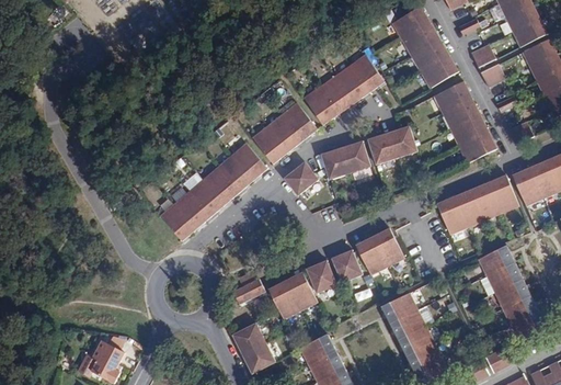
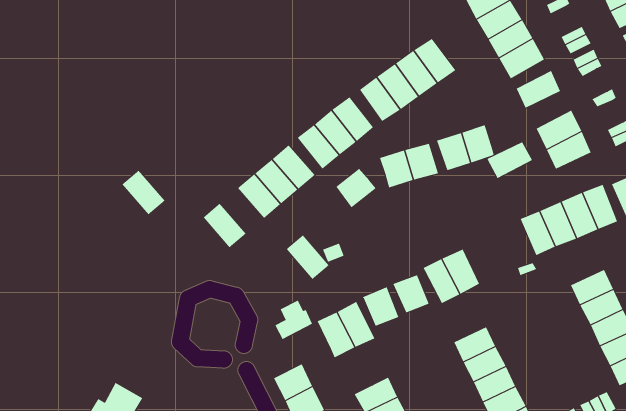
building: [440,99,479,129] -> [487,142,533,179]
building: [188,179,225,216] -> [286,235,330,280]
building: [160,203,196,240] -> [122,170,165,215]

